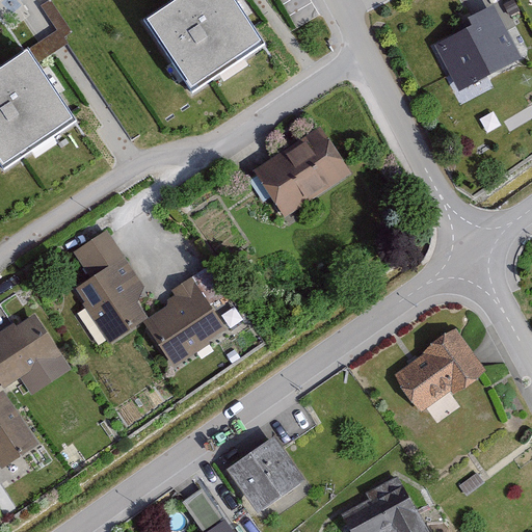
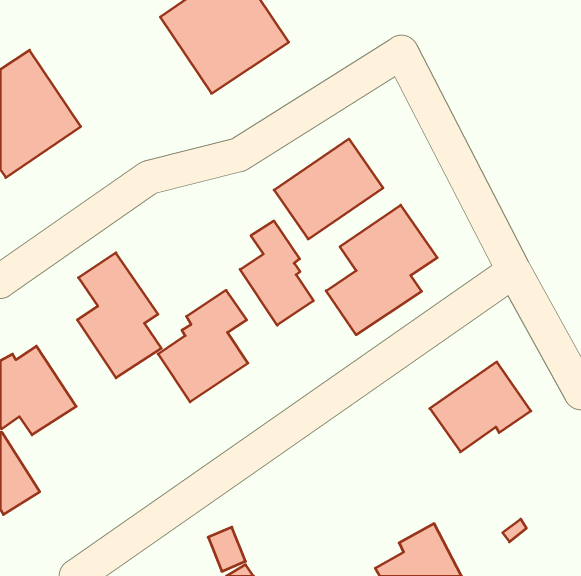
building: [434,5,520,90] -> none
building: none -> [326,205,437,335]
building: none -> [240,221,313,325]
building: [225,437,305,515] -> none

